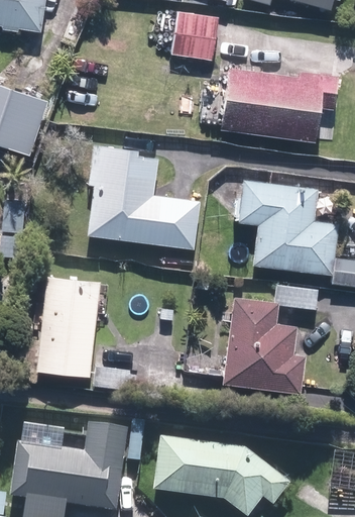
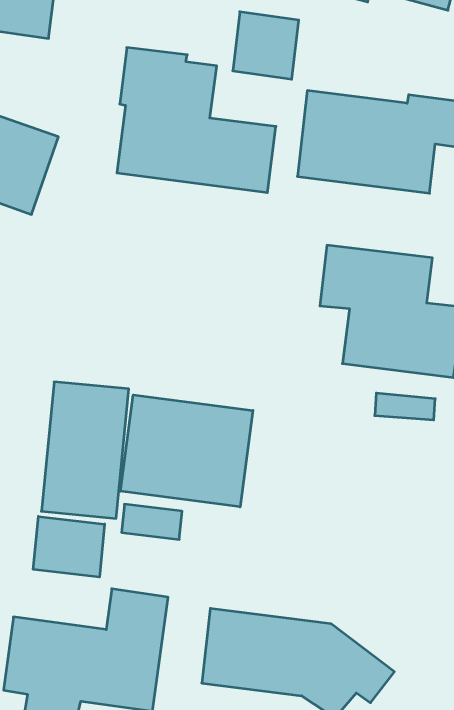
building: [87,144,201,248] -> [117,48,276,193]
building: none -> [120,395,253,507]
building: [222,297,306,394] -> none
building: none -> [33,516,105,577]

